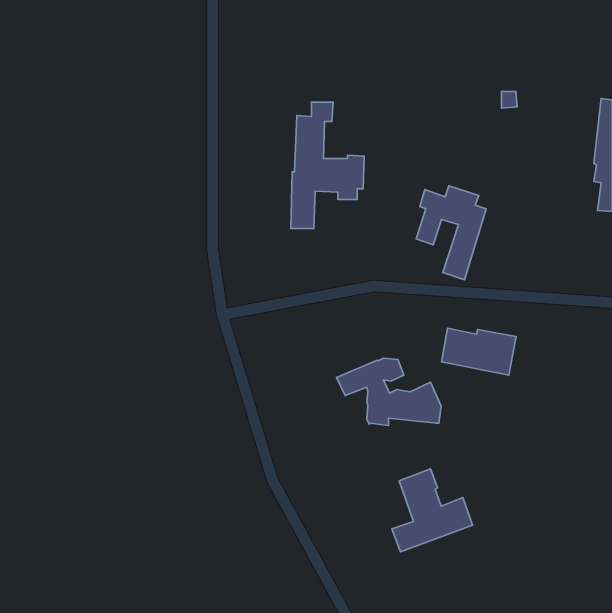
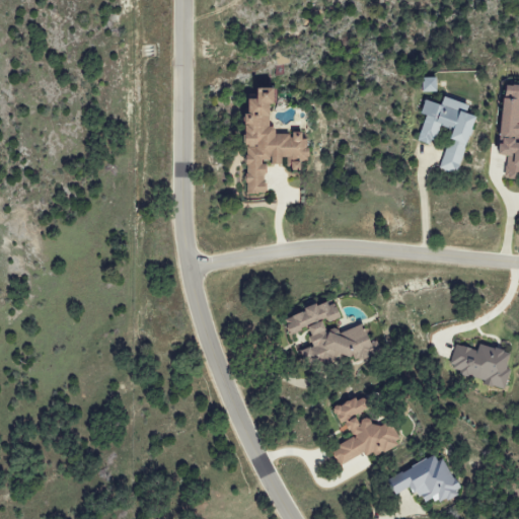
building: [416,186,486,280] -> [418,95,476,174]
building: [442,328,516,375] -> [448,344,511,383]
building: none -> [388,453,457,507]

